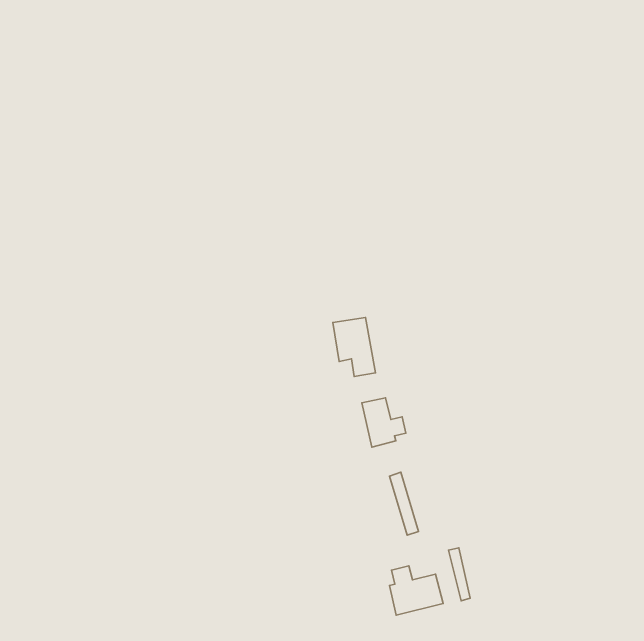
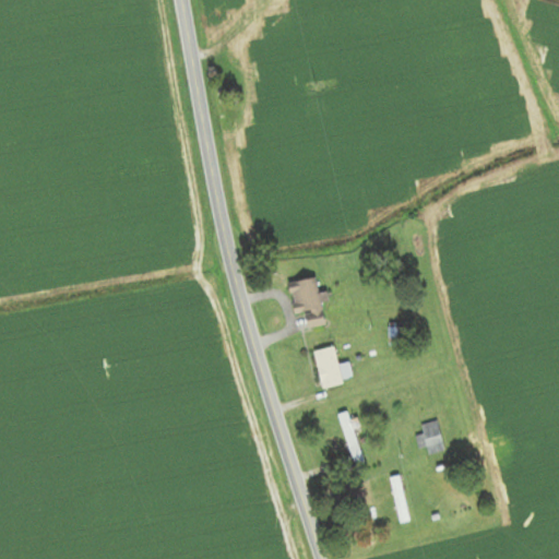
building: none -> [415,419,443,452]
building: [390,566,443,615] -> none

